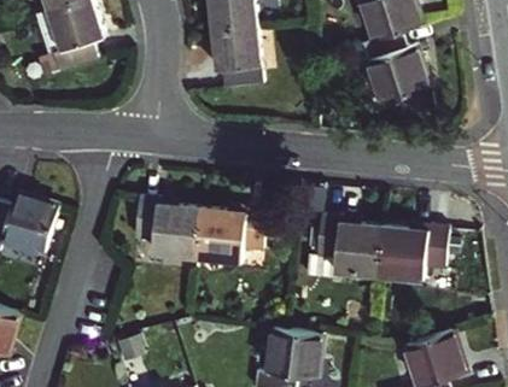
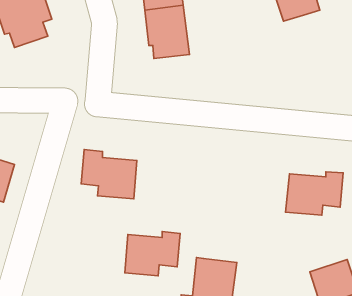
building: [367,35,430,104] -> none
building: [199,205,265,258] -> [125,231,180,276]
building: [319,211,385,270] -> none

